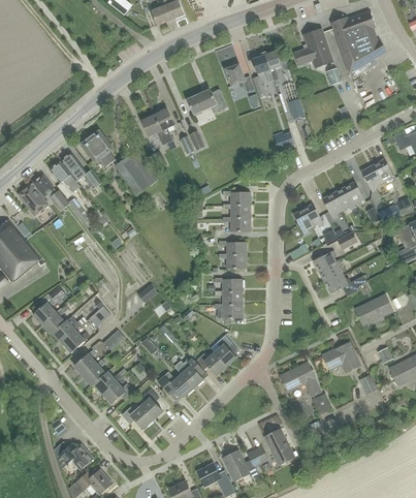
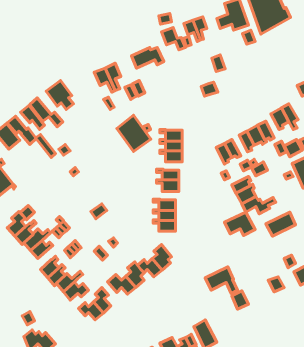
building: [116,150,158,195] -> [117,115,151,152]
building: [322,343,360,372] -> [224,212,255,235]

